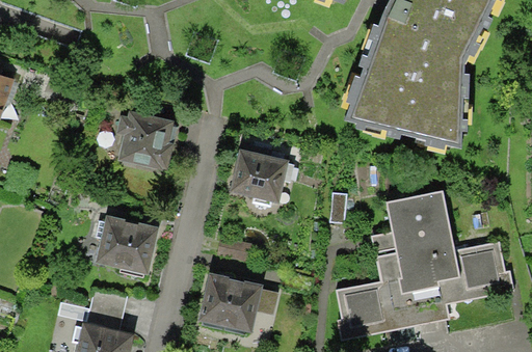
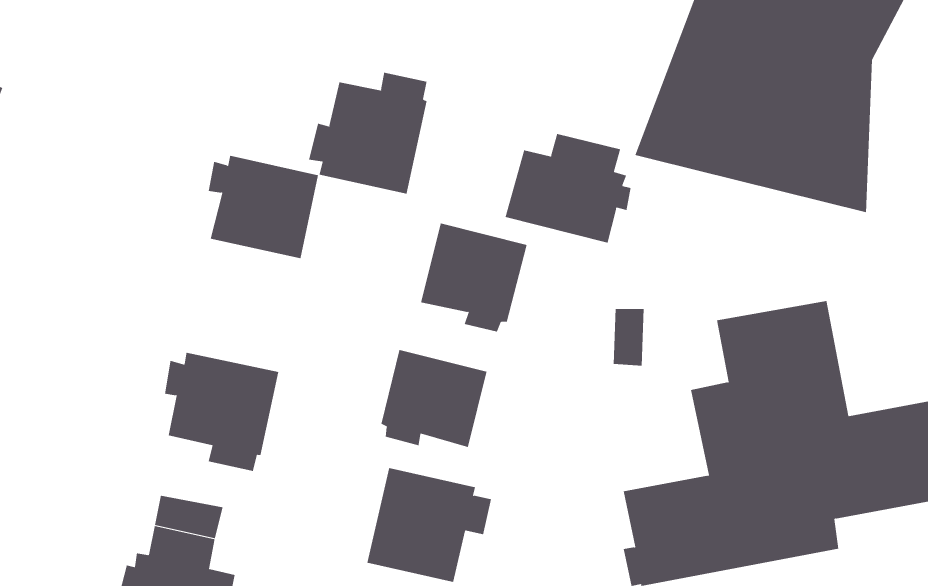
building: none -> [309,72,427,194]
building: none -> [505,133,631,243]
building: none -> [381,349,487,448]

